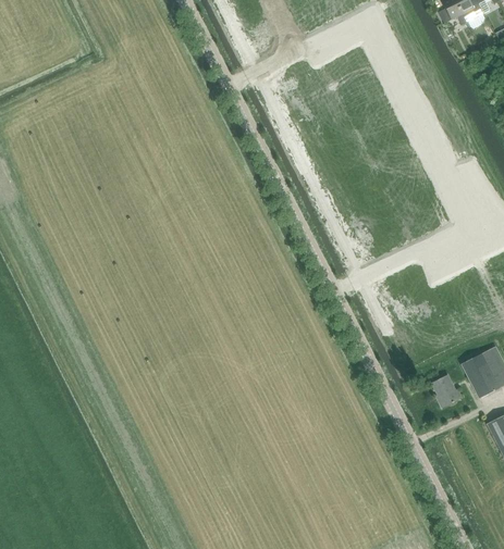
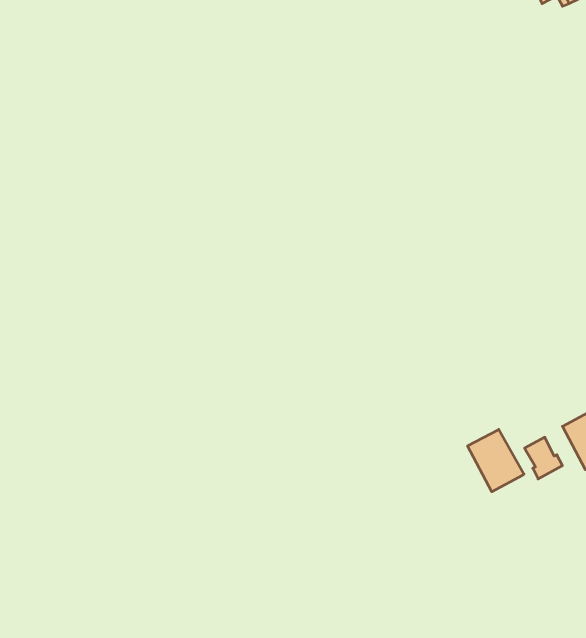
building: none -> [468,429,524,492]

